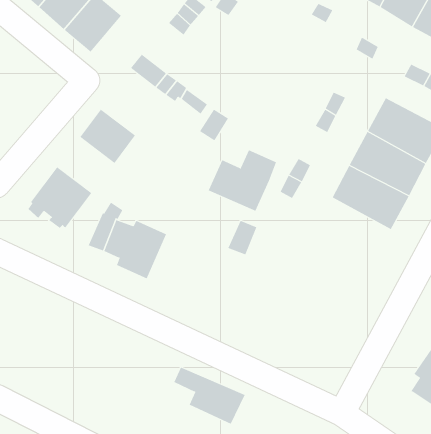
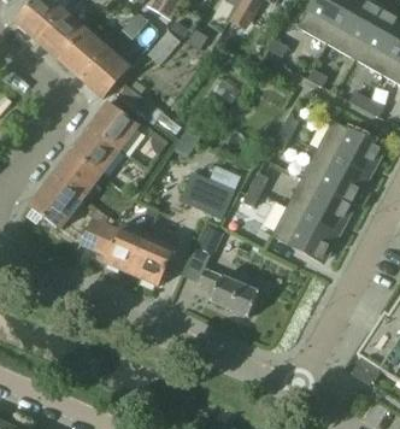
building: none -> [81,48,129,99]
building: none -> [89,102,137,151]
building: none -> [52,152,101,200]
building: none -> [271,204,337,259]
building: none -> [129,235,173,286]
building: [173,367,245,424] -> [199,268,260,317]

